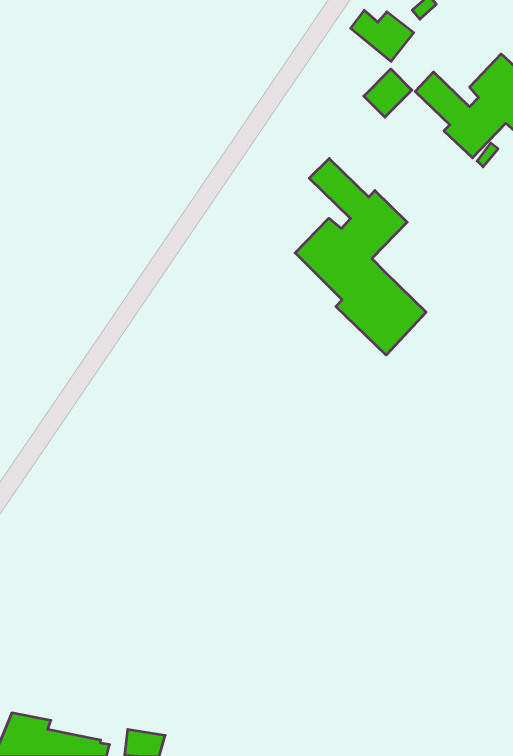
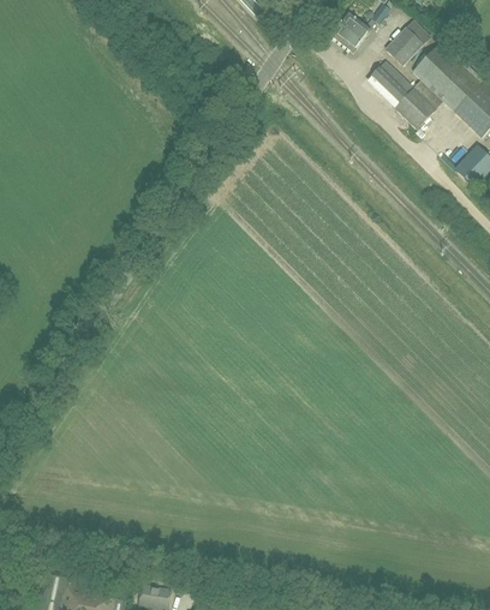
building: [364,69,412,117] -> [386,25,424,64]
building: [295,158,426,355] -> none

